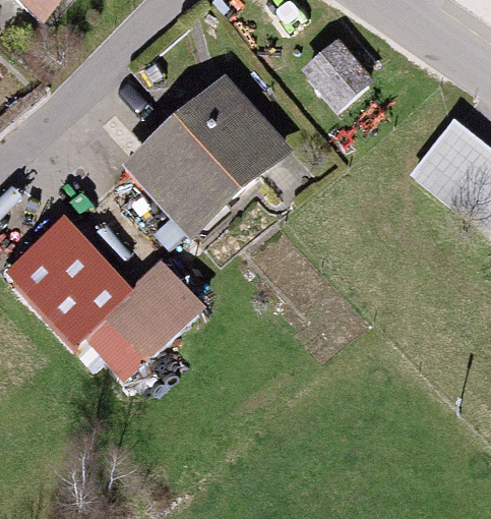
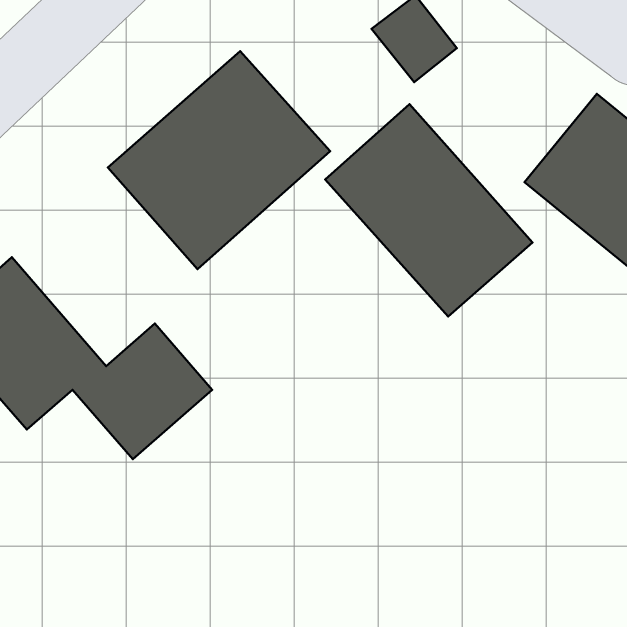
building: none -> [325,104,532,317]

